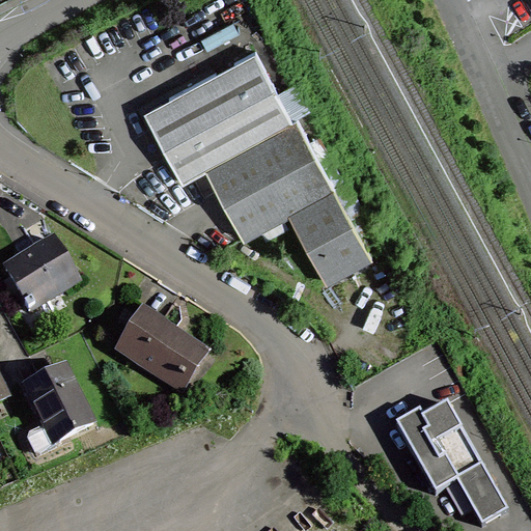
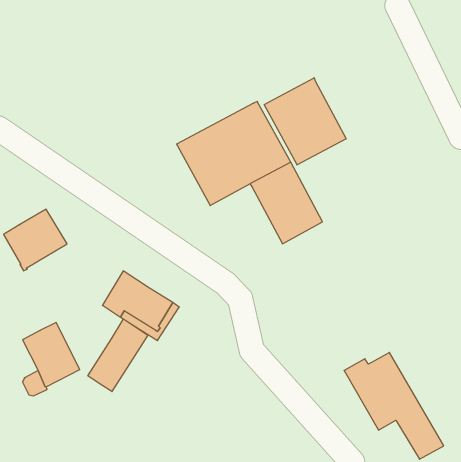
building: [142,49,290,179] -> none
building: none -> [264,78,346,165]
building: none -> [88,319,148,392]

